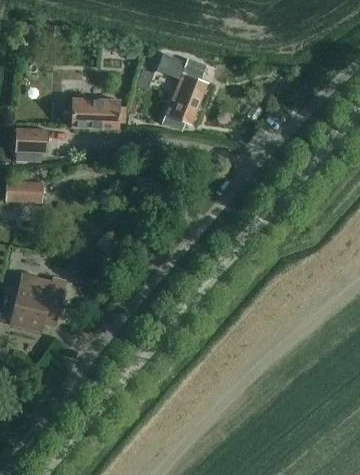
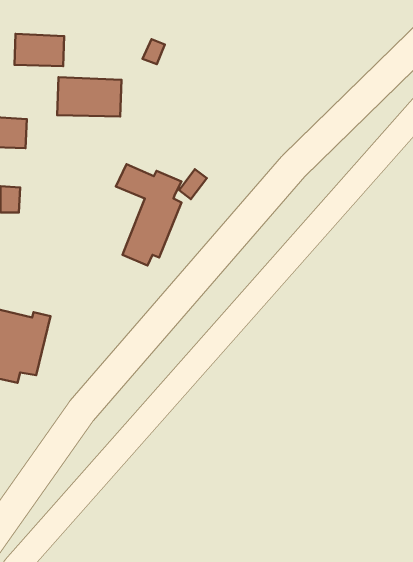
building: [156,53,206,130] -> [116,164,182,265]
building: none -> [15,34,64,66]

